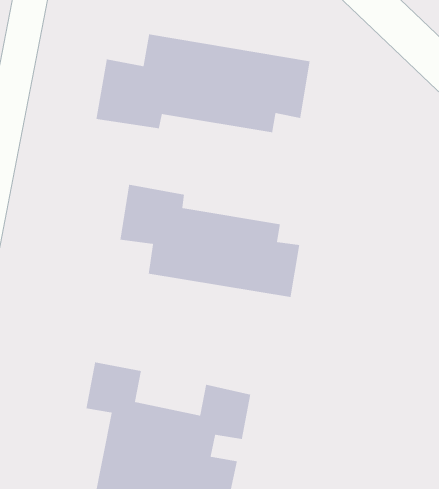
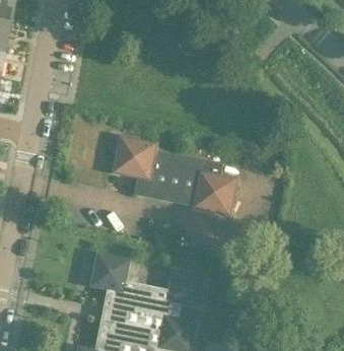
building: [96,34,311,133] -> none

